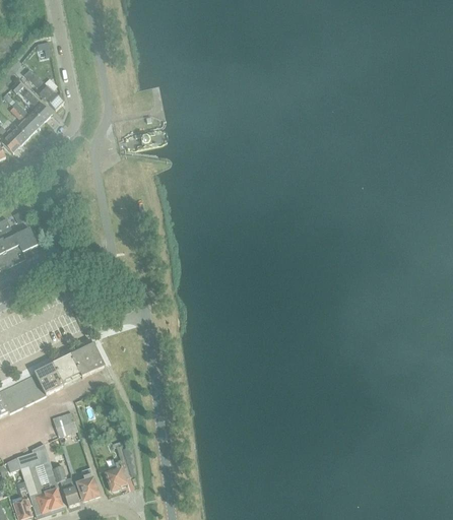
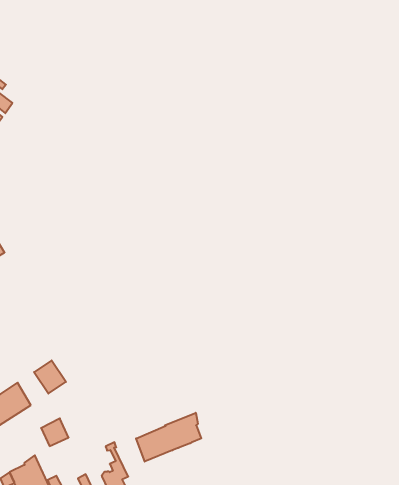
building: [70,342,105,376] -> none
building: [35,363,63,394] -> none
building: none -> [136,413,201,462]

